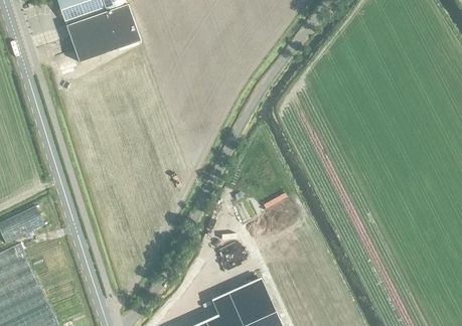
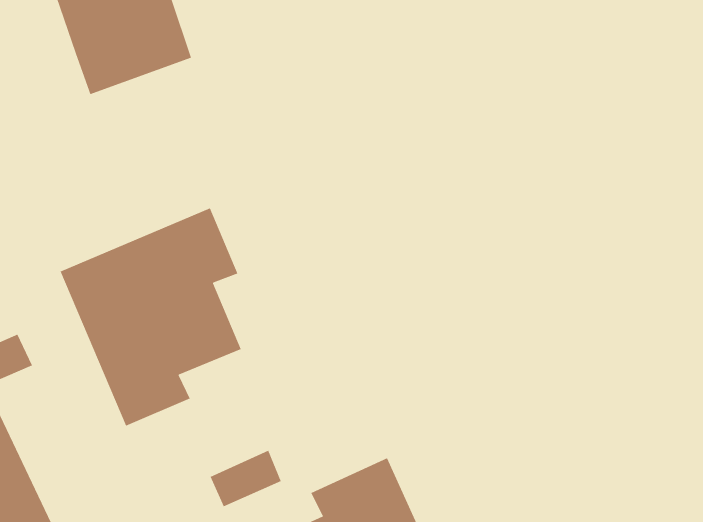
building: none -> [60,207,242,427]
building: none -> [210,450,281,507]

